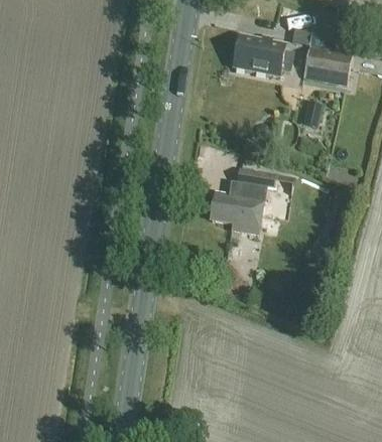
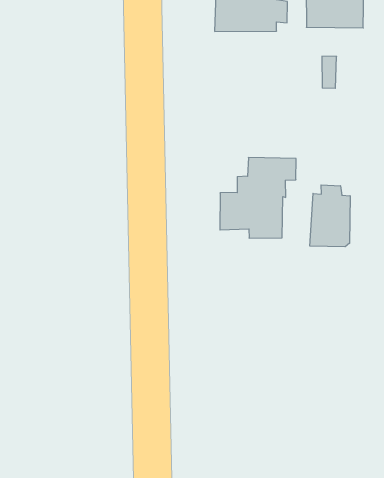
building: none -> [310,185,350,247]

